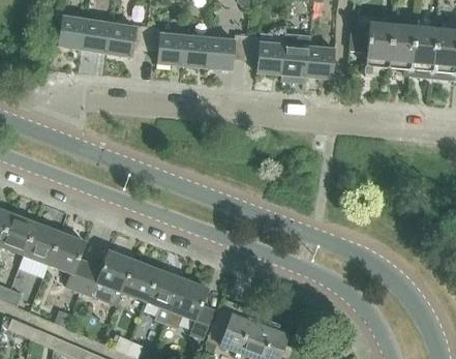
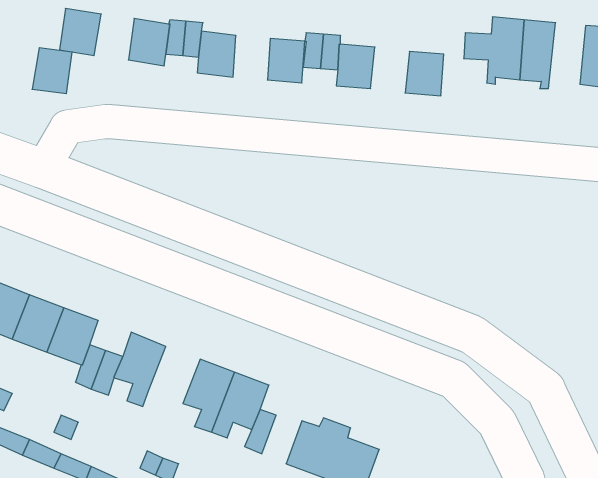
building: [82,20,111,53] -> [32,48,72,94]
building: [409,26,436,74] -> none
building: [182,35,209,67] -> none
building: [281,43,309,77] -> none
building: [121,260,158,301] -> none

